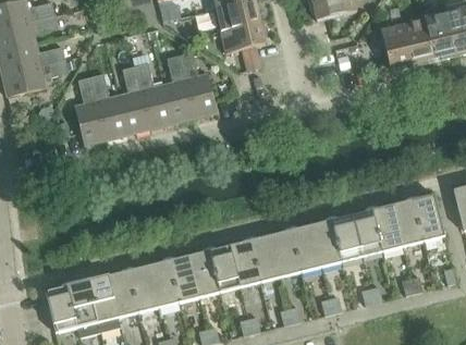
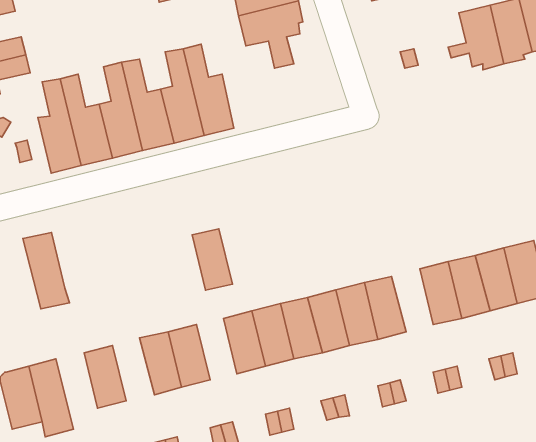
building: [331,214,361,260] -> none
building: [189,250,219,295] -> [192,229,232,290]
building: [128,264,159,310] -> none
building: [87,275,121,331] -> [23,233,69,309]

